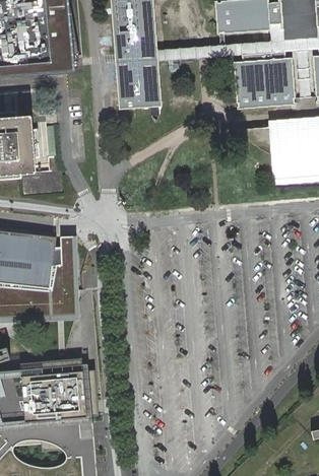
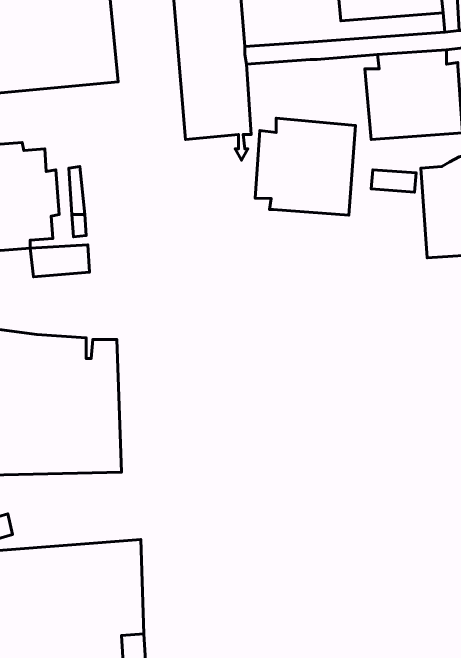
building: none -> [255,118,356,215]

